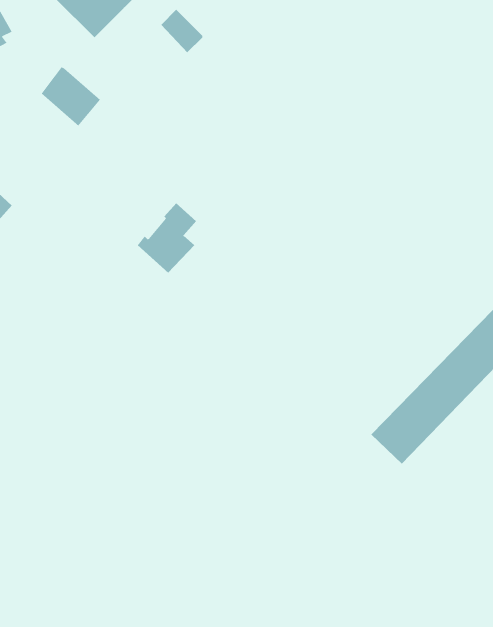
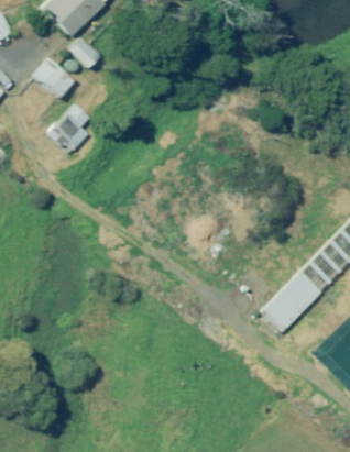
building: [160,9,203,53] -> [67,36,97,67]
building: [137,202,197,273] -> [50,102,91,152]

